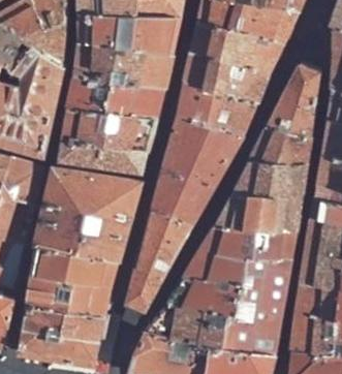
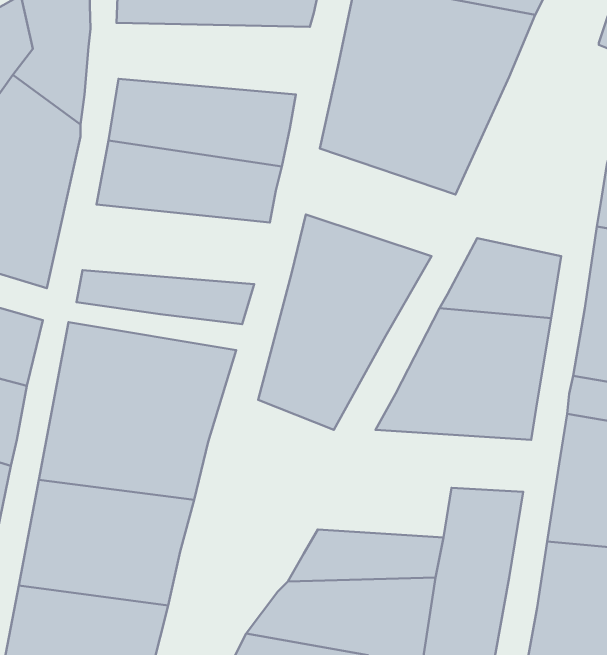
building: [80,15,180,53] -> none
building: [267,67,316,136] -> none
building: [178,81,255,136] -> none
building: [62,110,159,151] -> none
building: [129,211,192,308] -> none
building: [184,226,294,282] -> none

